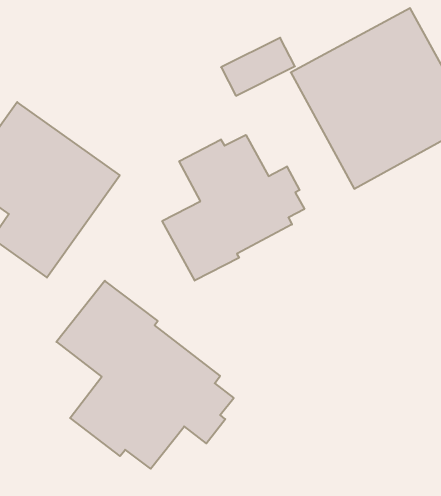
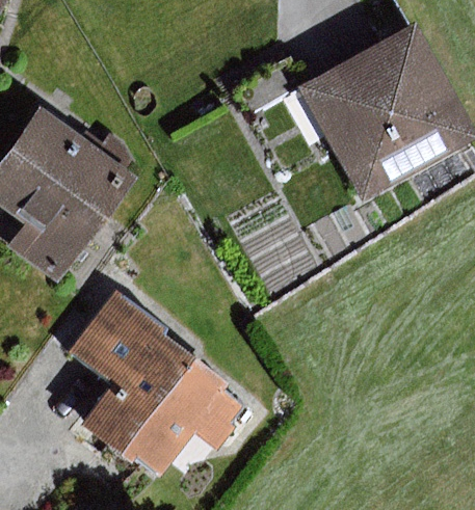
building: [162,135,304,281] -> none

